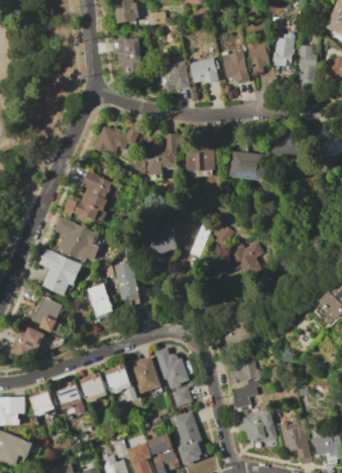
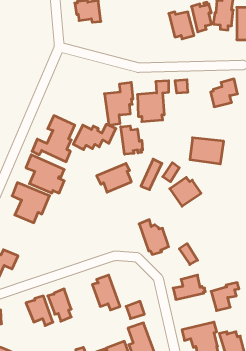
building: [189,58,219,83] -> none
building: [158,61,190,91] -> none
building: [92,125,141,155] -> [73,124,116,150]
building: [228,151,267,181] -> [190,138,224,164]
building: none -> [121,126,143,154]
building: [113,261,138,301] -> none
building: [85,284,113,322] -> none
building: [32,296,68,334] -> none
building: [154,347,189,387] -> [139,220,169,254]
building: [104,363,138,401] -> none
building: [229,379,261,411] -> [211,283,239,311]
building: [30,391,55,416] -> none

